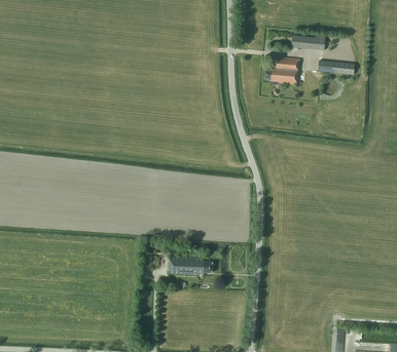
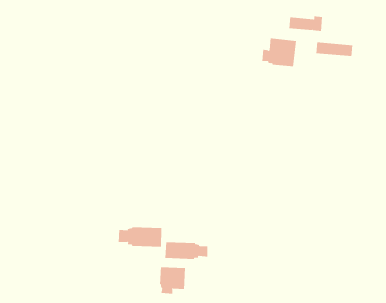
building: none -> [118,226,162,248]
building: none -> [159,267,185,294]

